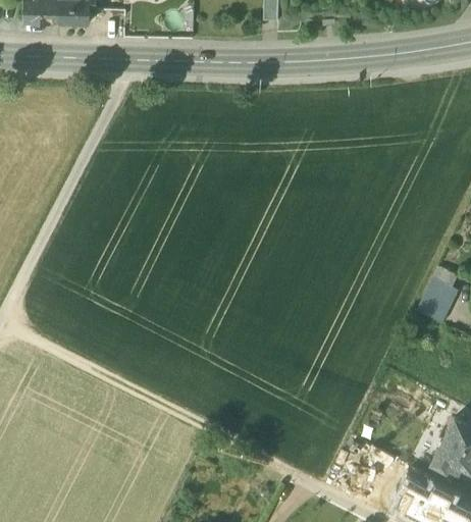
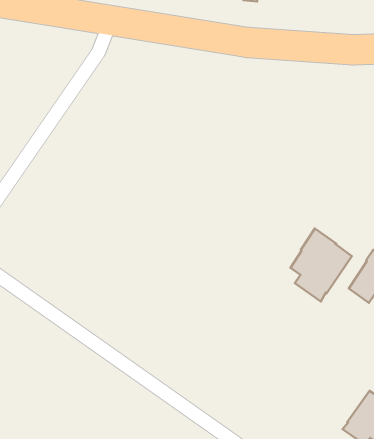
building: none -> [290,229,352,302]

